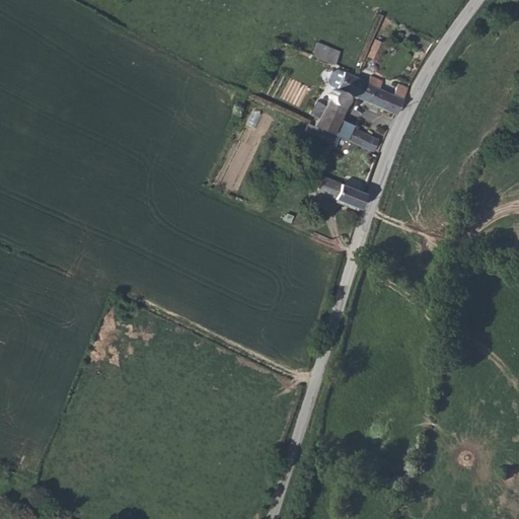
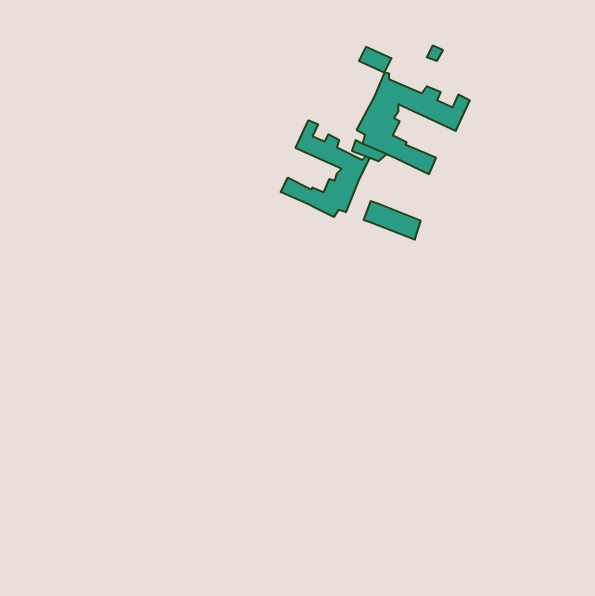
building: none -> [281,120,369,217]

